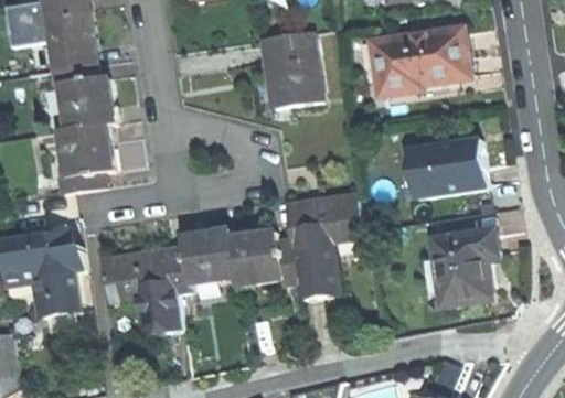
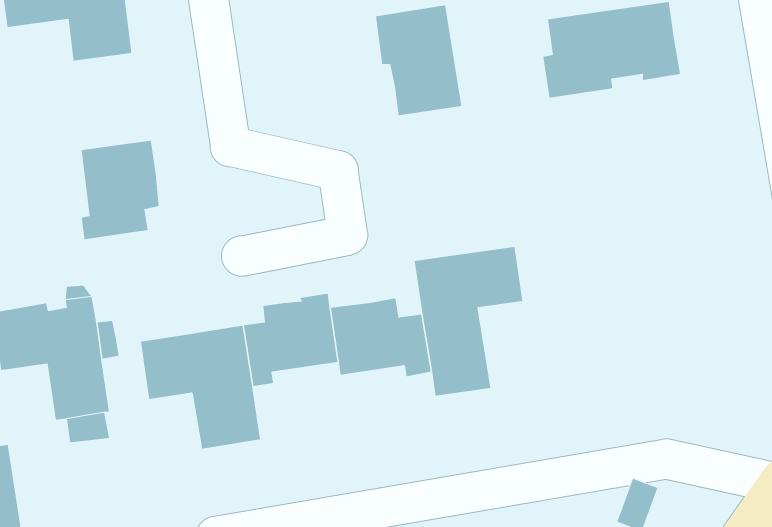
building: [50,63,114,128] -> none
building: [407,138,484,194] -> none
building: [429,227,494,301] -> none

